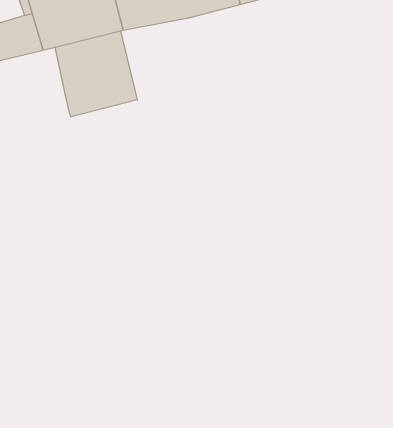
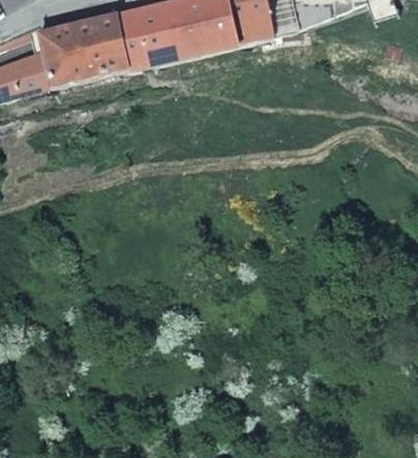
building: [55,31,137,117] -> none

